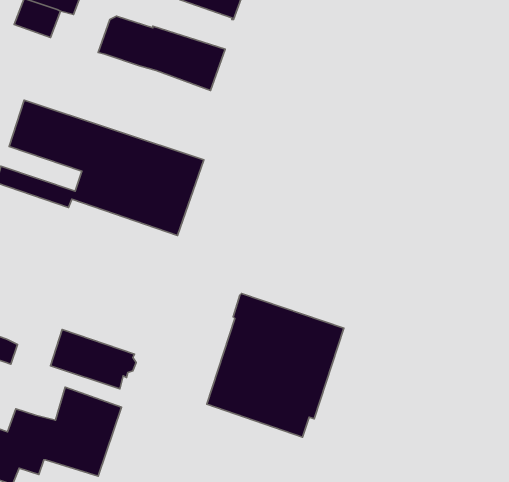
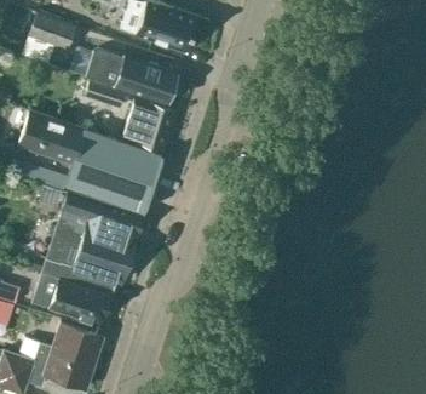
building: none -> [82,78,126,109]
building: none -> [122,98,175,150]
building: [207,294,344,437] -> [41,190,142,296]

